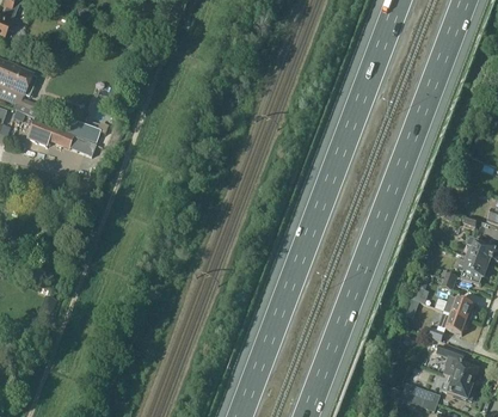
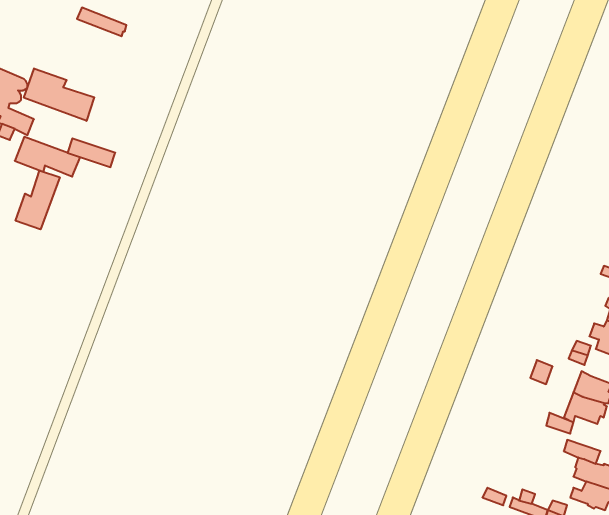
building: none -> [24,68,94,121]
building: none -> [16,171,60,229]

